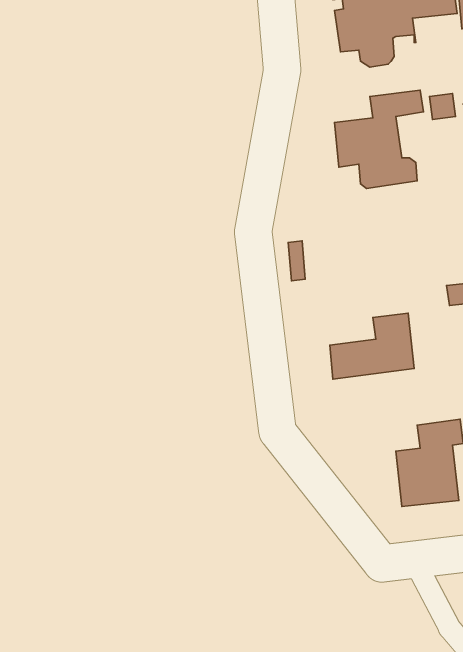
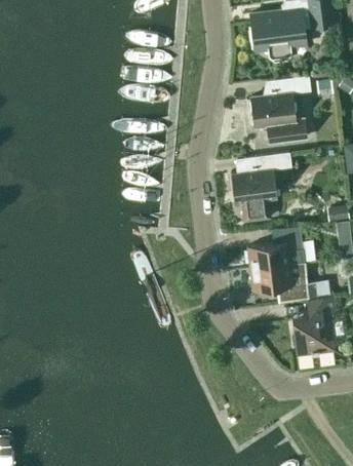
building: none -> [231,153,290,223]
building: none -> [249,263,329,303]

